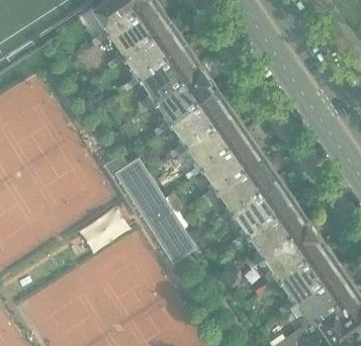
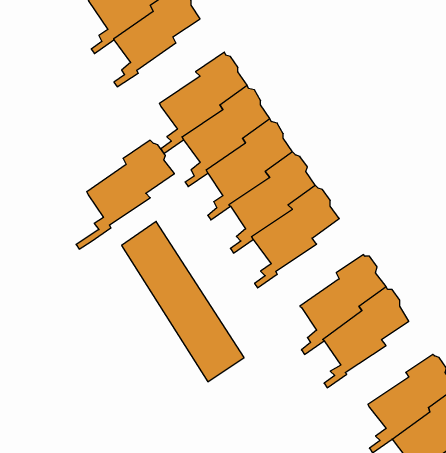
building: [118,24,184,97] -> [76,140,174,249]
building: [218,158,277,227] -> none
building: [265,227,324,292] -> none

